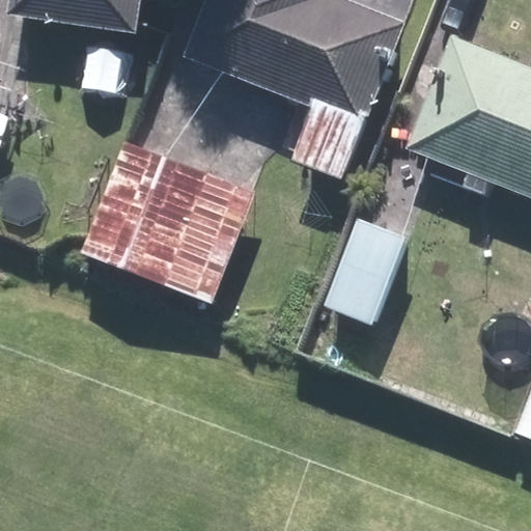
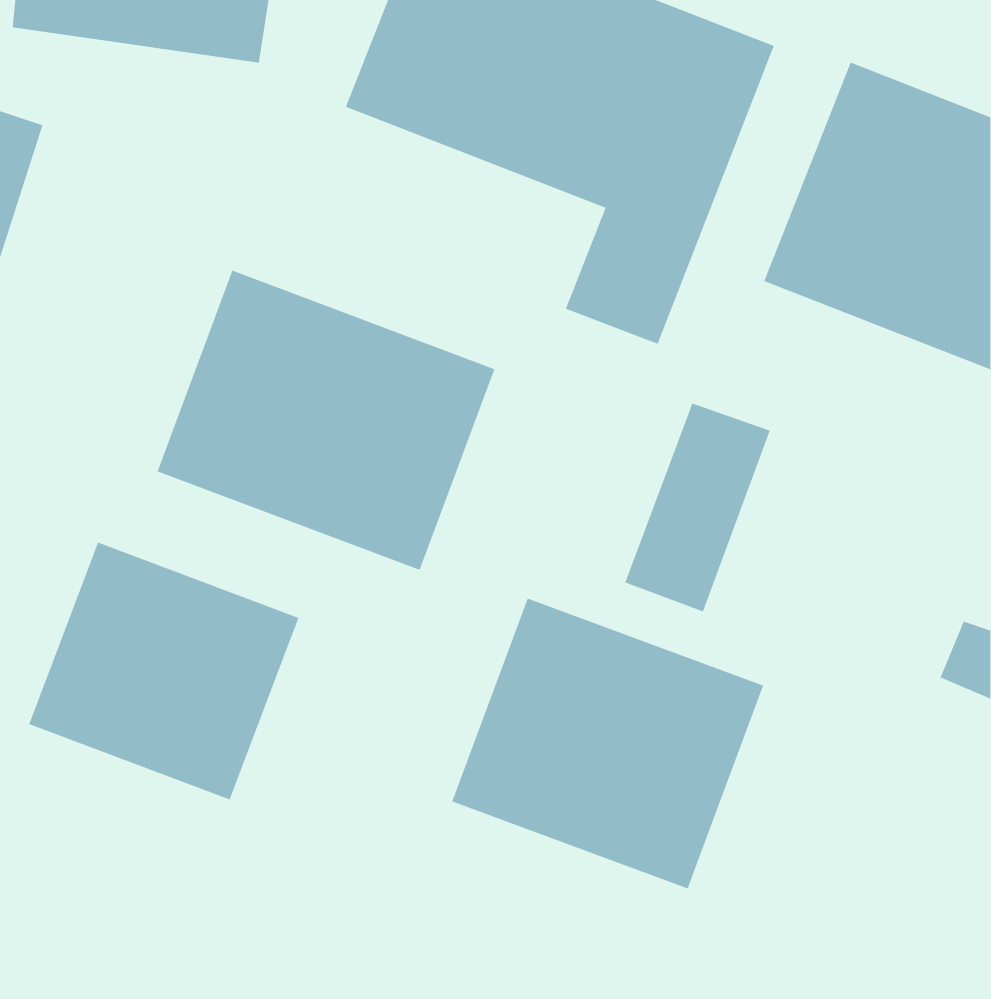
building: none -> [28,541,300,800]
building: none -> [451,597,764,889]

